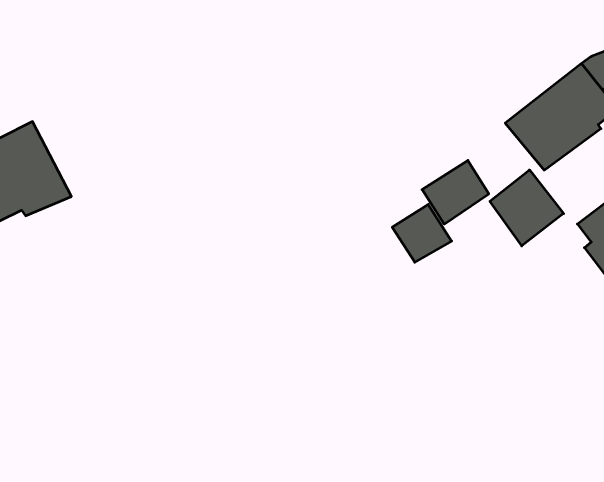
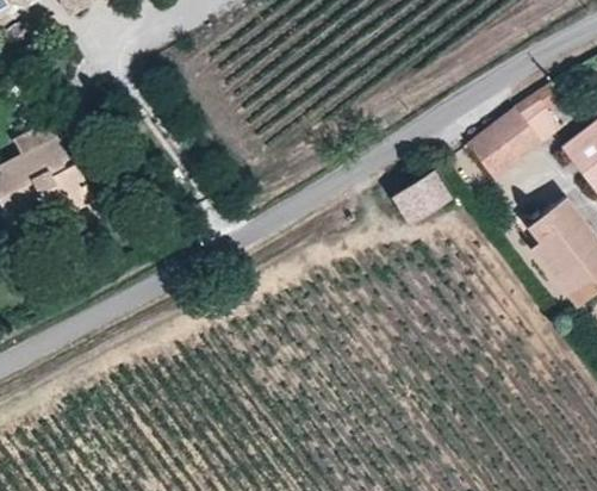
building: [490,170,564,246] -> none
building: [392,204,452,262] -> none

